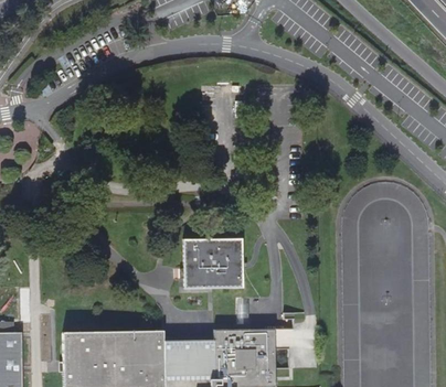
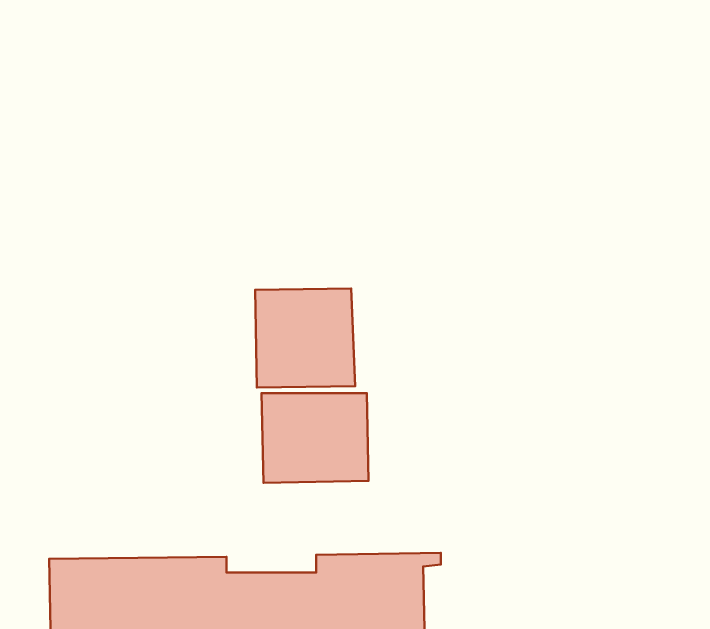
building: none -> [255,288,355,388]

